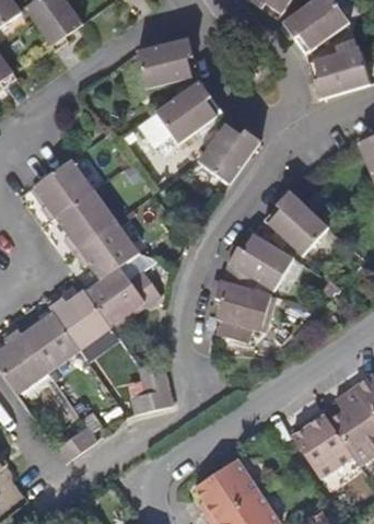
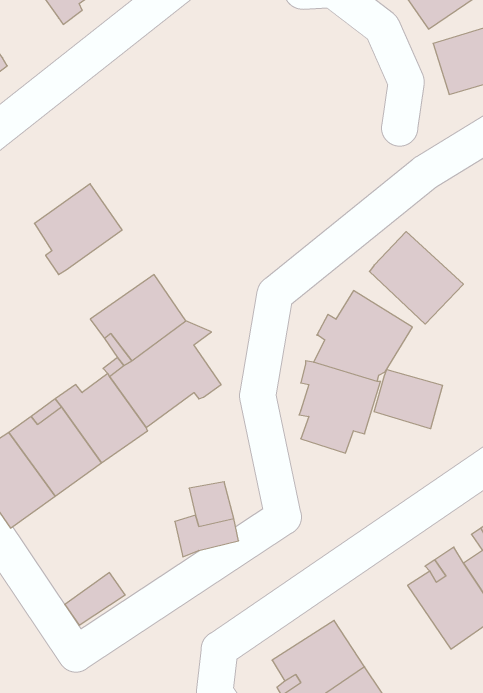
building: [137,38,197,89] -> none
building: [155,81,221,143] -> none
building: [198,118,259,185] -> none
building: [56,190,116,252] -> none
building: none -> [374,369,443,429]

